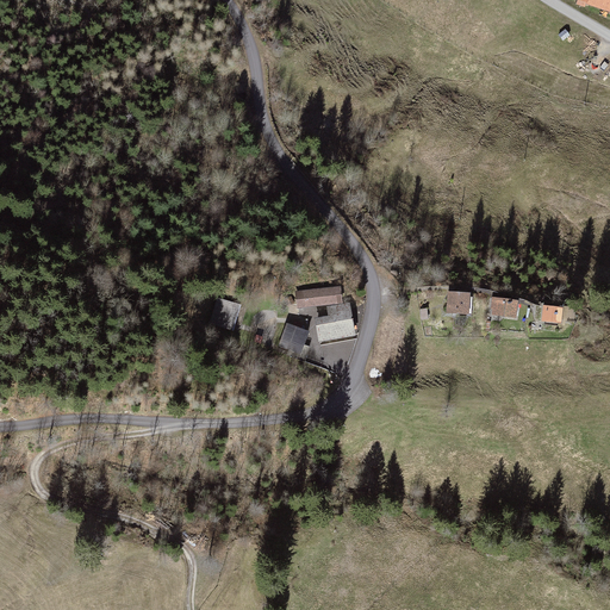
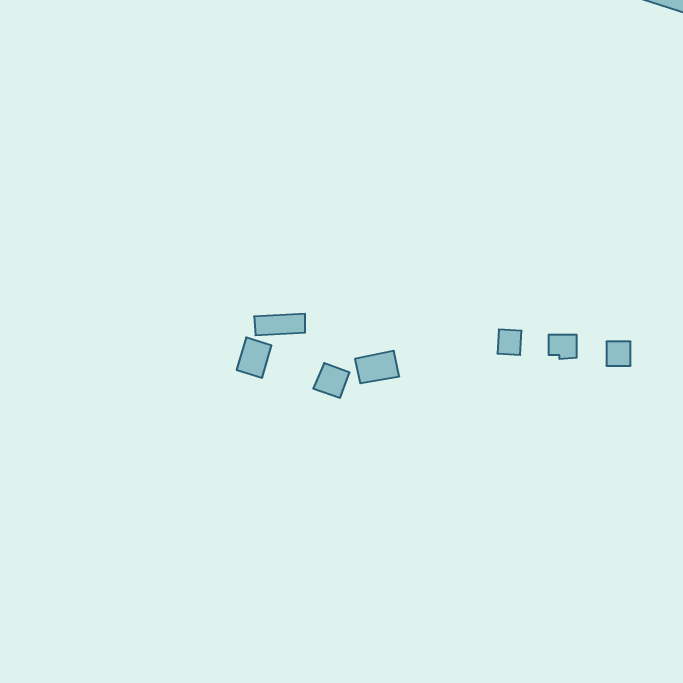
building: [299,288,344,307] -> [254,314,305,335]

